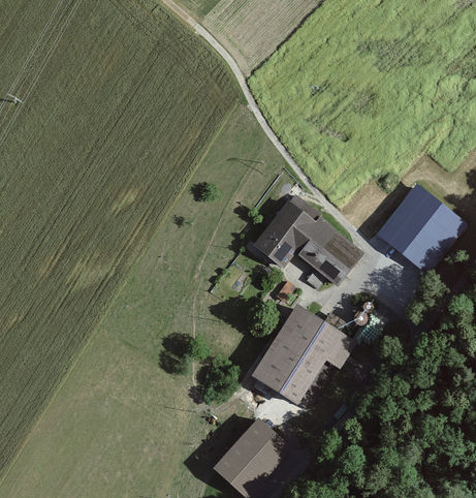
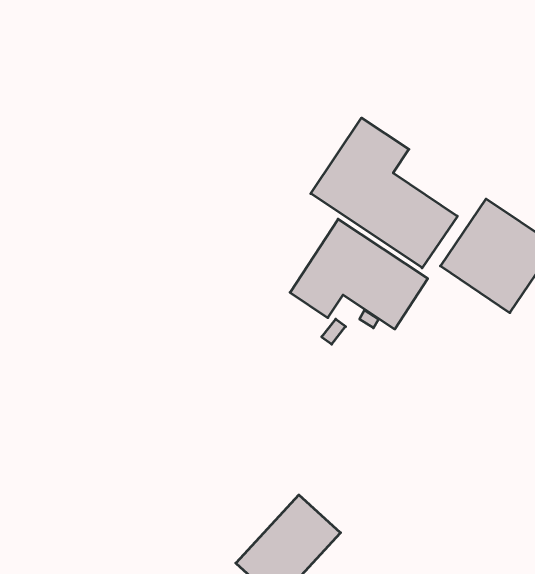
building: none -> [311,118,457,268]
building: [246,301,354,416] -> none

